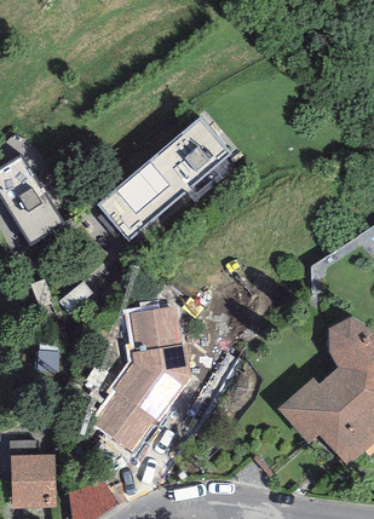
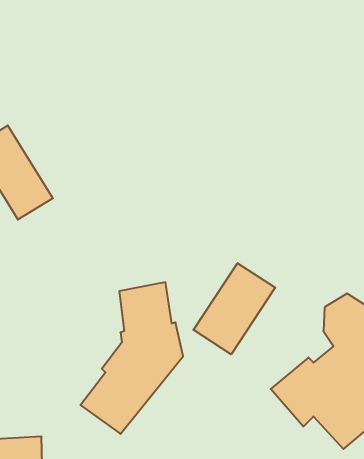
building: [97,117,229,240] -> none
building: none -> [193,263,275,354]

